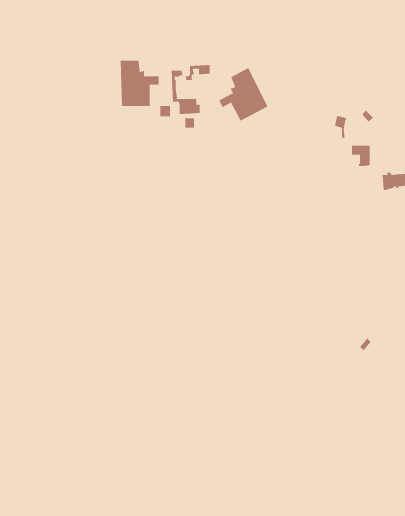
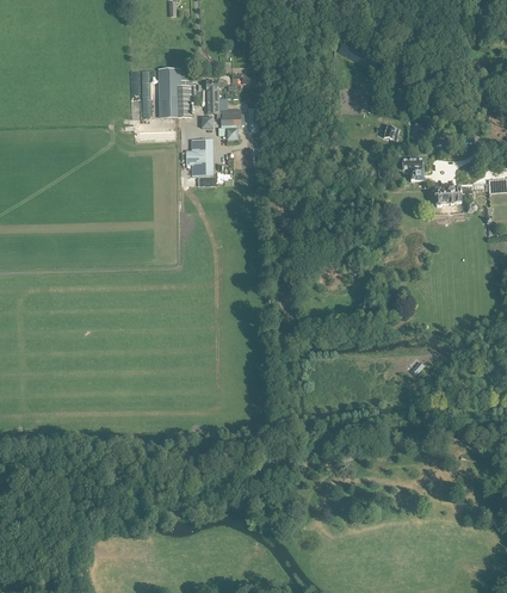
building: [218,67,268,122] -> none
building: none -> [184,141,212,177]

